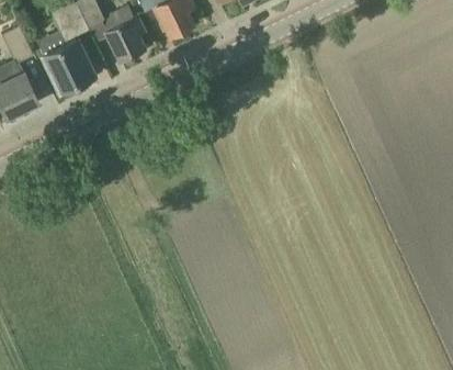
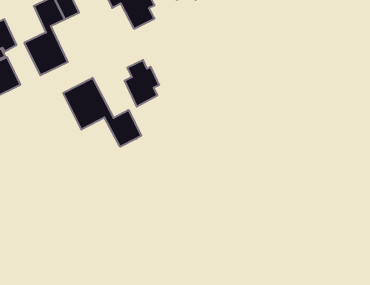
building: [105,10,146,64] -> [124,60,159,107]
building: none -> [63,78,141,147]

